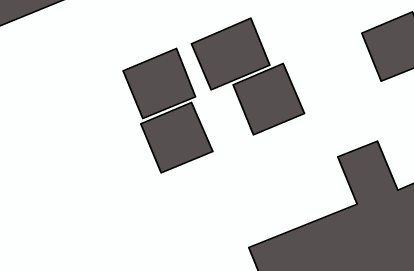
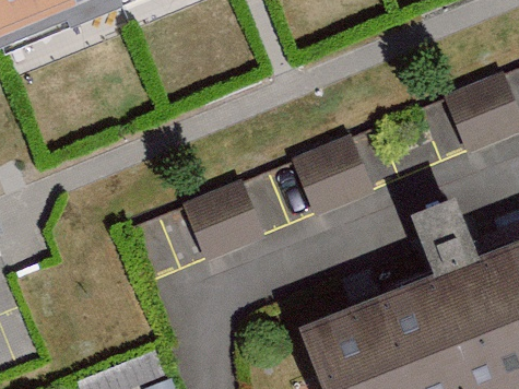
building: [191,18,270,90] -> none
building: [123,49,195,118] -> none

